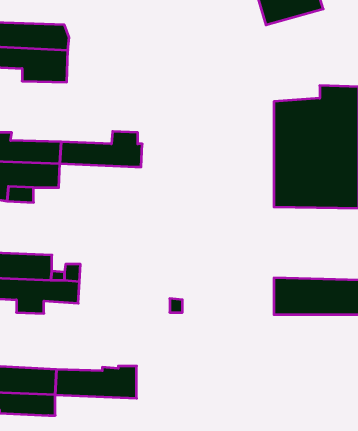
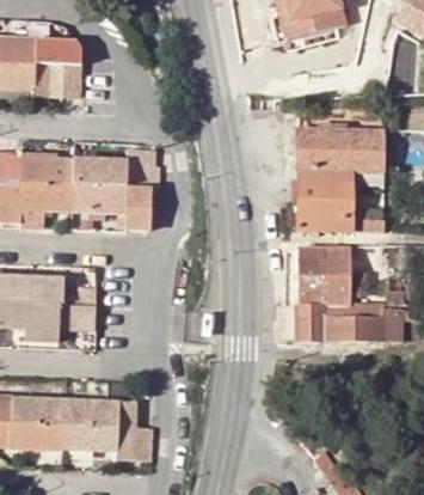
building: none -> [70,184,150,228]
building: none -> [295,247,348,305]
building: none -> [67,426,152,458]

